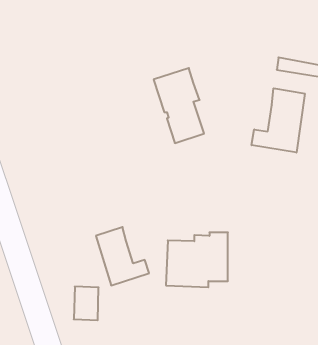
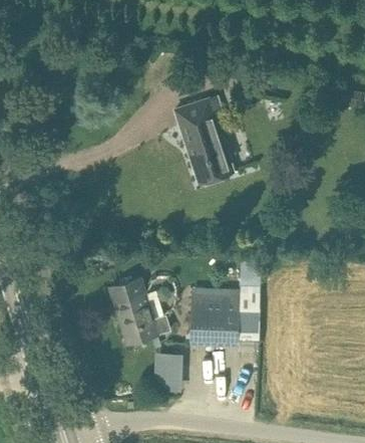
building: [252,88,305,153] -> none
building: [74,287,99,320] -> [149,353,177,391]

